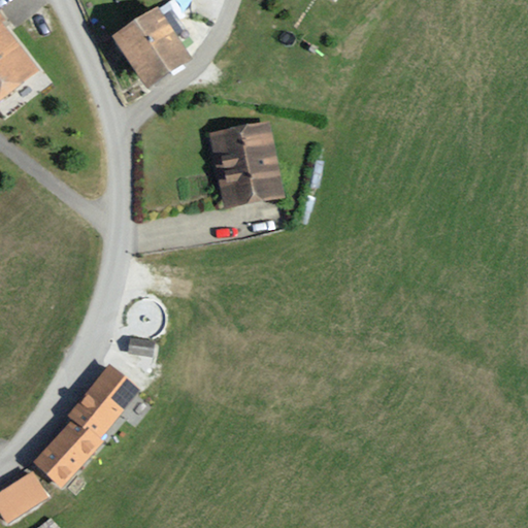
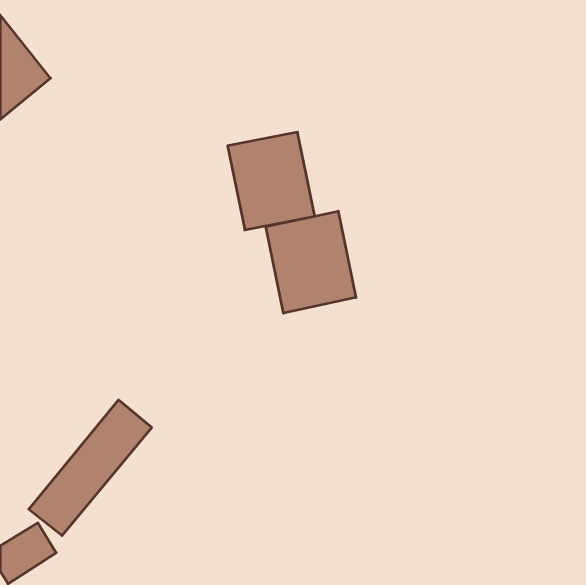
building: [112,7,191,89] -> none
building: none -> [266,211,356,313]

